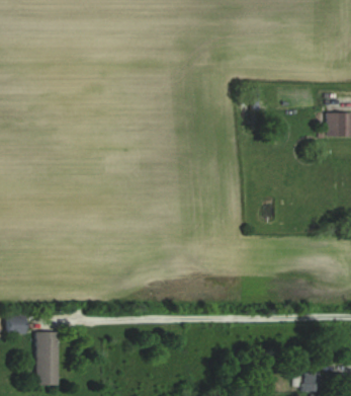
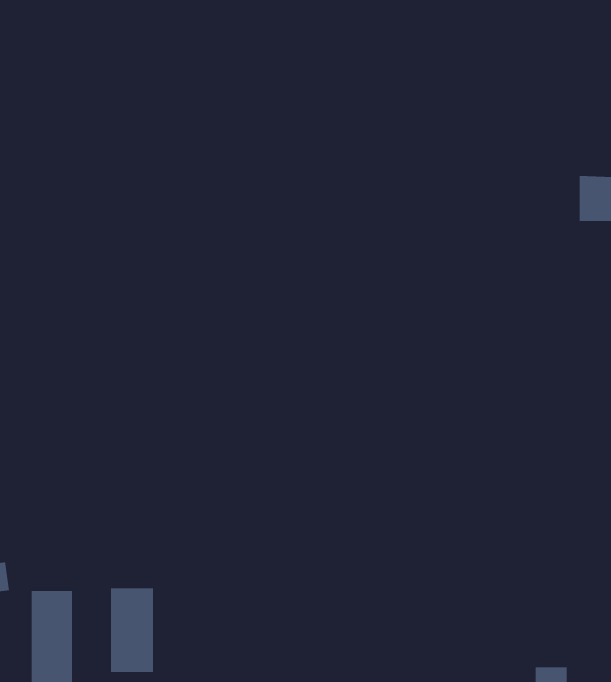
building: none -> [111,588,154,673]

